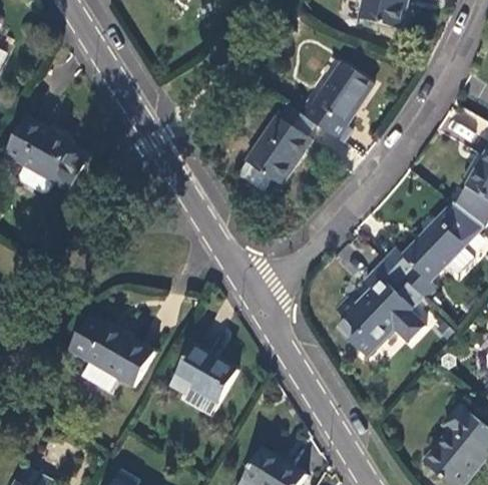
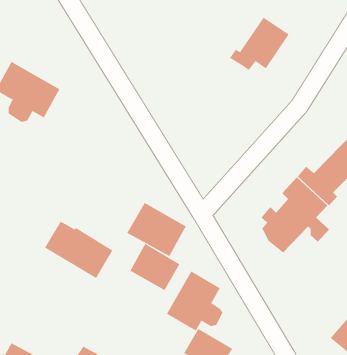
building: [243,104,314,186] -> none
building: none -> [126,202,187,257]
building: none -> [166,270,223,332]

